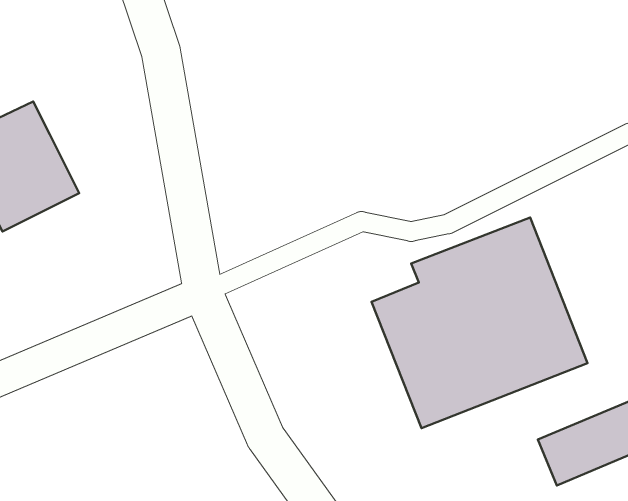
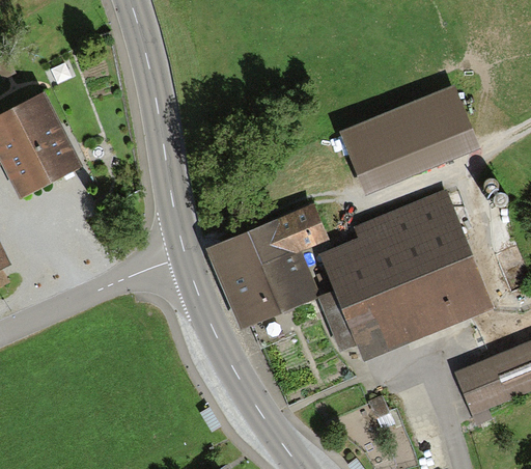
building: none -> [340,87,478,194]
building: none -> [204,203,327,327]

